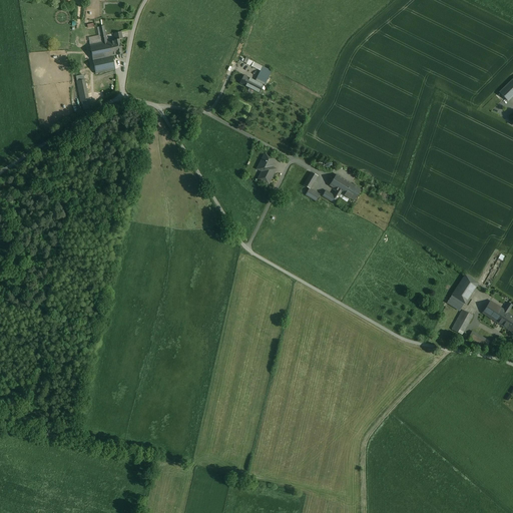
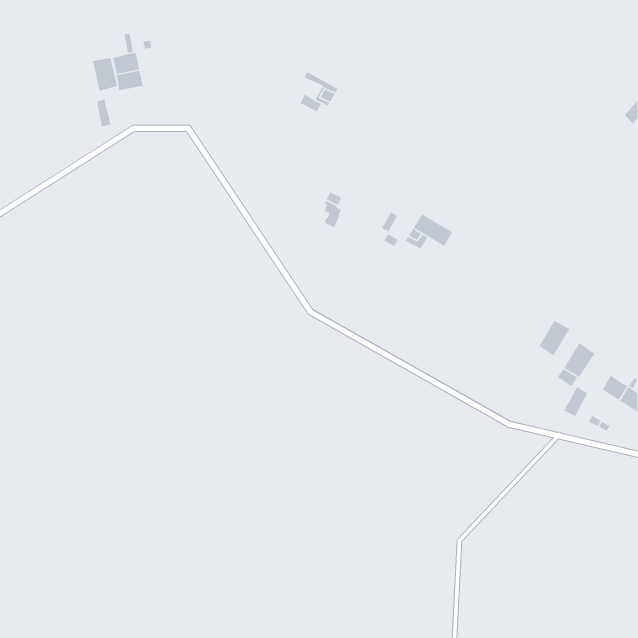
building: none -> [92,57,118,92]
building: none -> [538,320,571,356]

